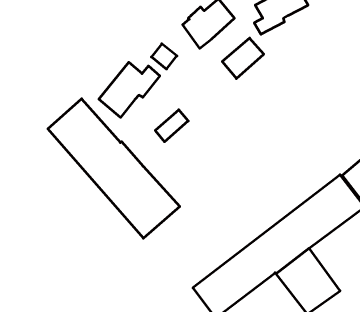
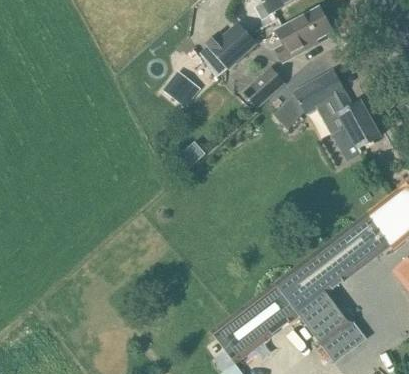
building: none -> [273,68,381,161]
building: [99,62,160,117] -> none
building: [48,99,180,238] -> none

